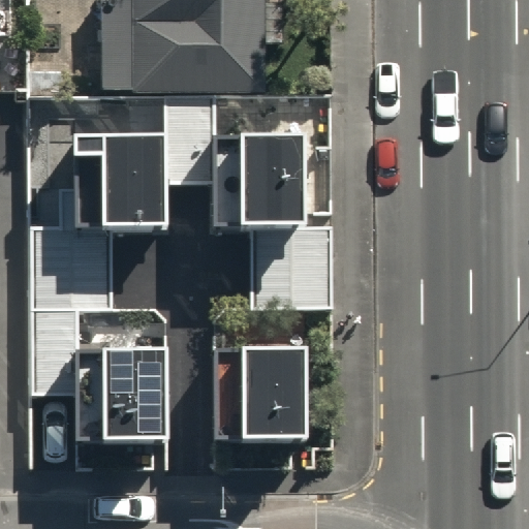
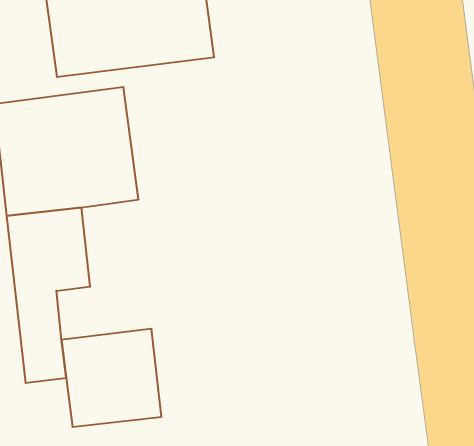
building: [217,142,337,308] -> none
building: [217,351,302,441] -> none

